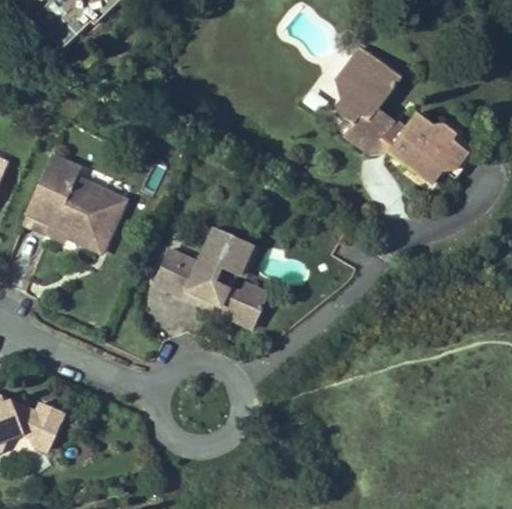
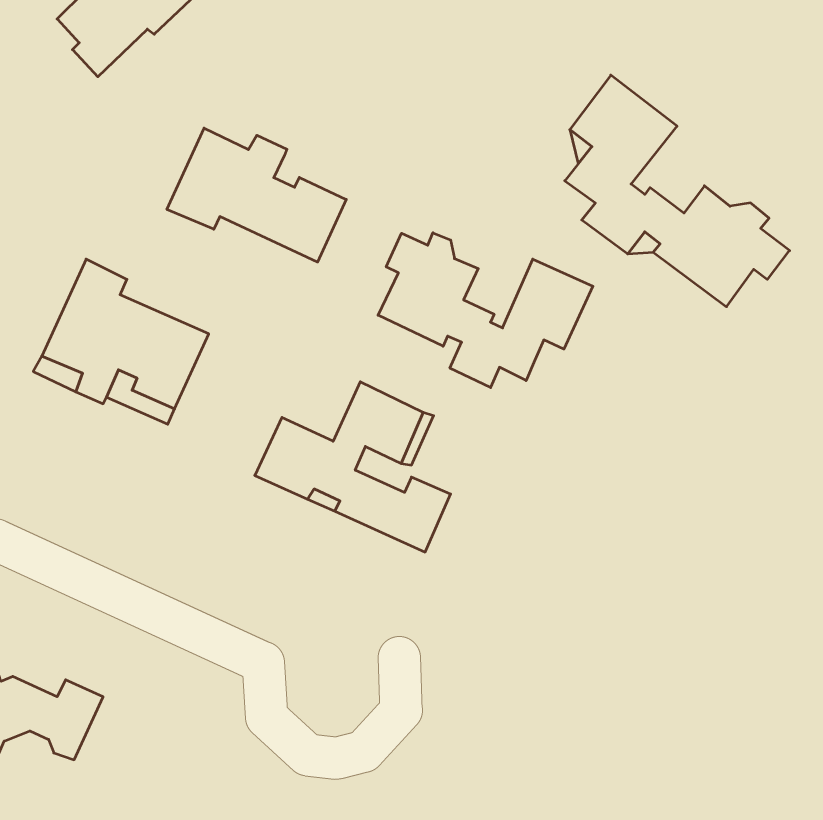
building: none -> [167,128,346,262]
building: none -> [378,233,593,388]

